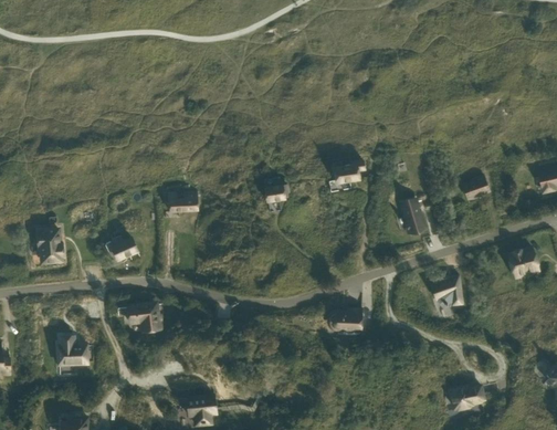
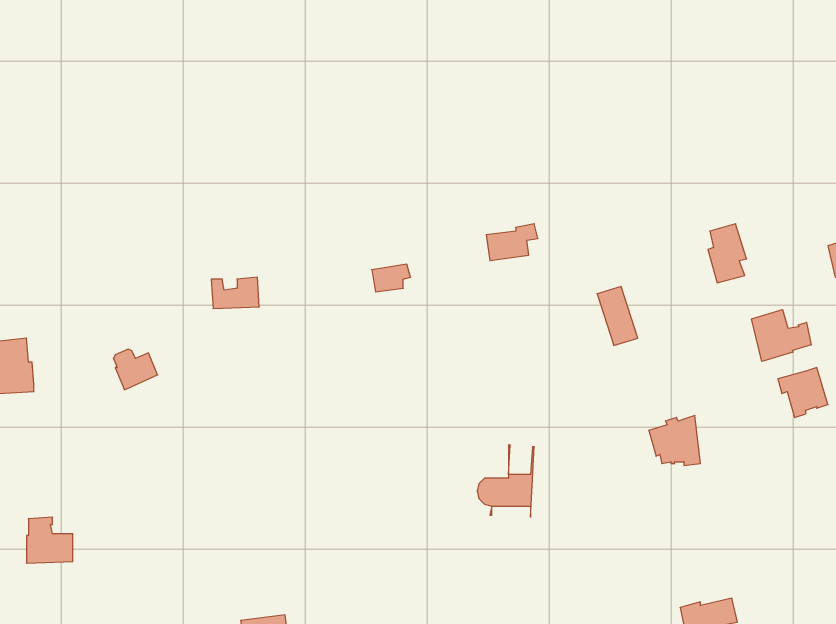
building: none -> [751,310,811,361]
building: [126,302,162,331] -> none

